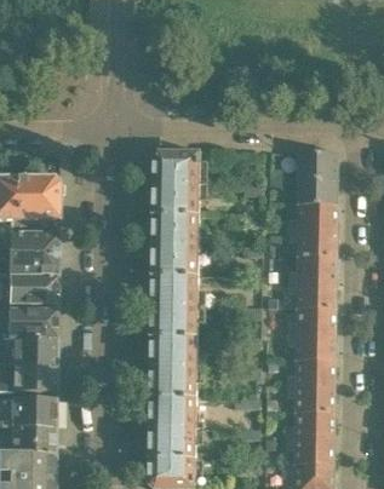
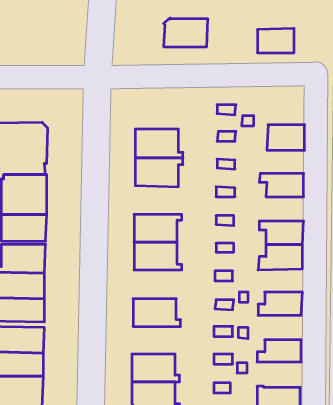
building: [153,151,201,183] -> [164,18,208,47]
building: [298,151,338,178] -> [257,28,294,53]
building: [290,206,338,231] -> none
building: [151,244,204,276] -> none
building: [288,257,337,283] -> none
building: [287,335,336,361] -> none
building: [150,336,204,368] -> none
building: [287,386,334,413] -> none
building: [149,398,202,428] -> none
building: [286,437,334,465] -> none

